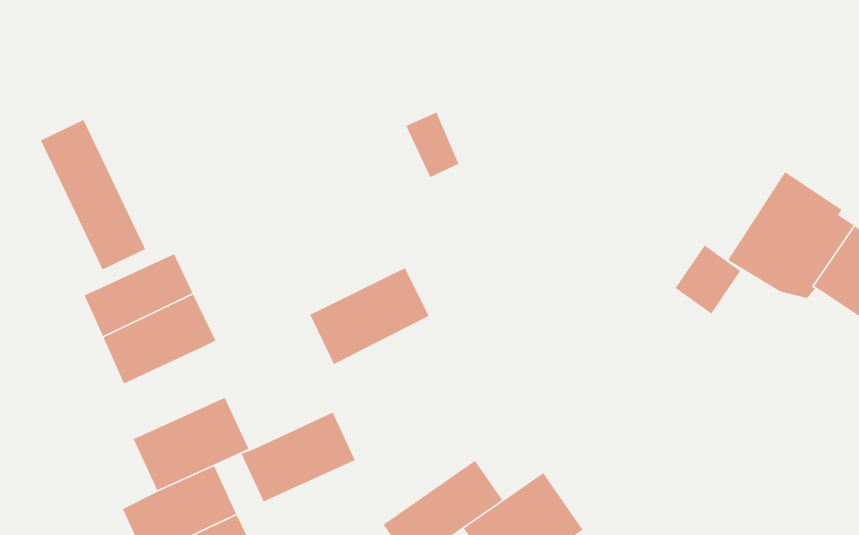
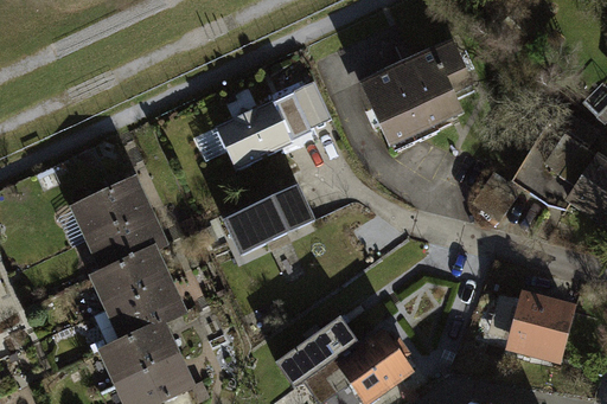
building: none -> [353,44,466,147]
building: [40,119,146,271] -> none
building: none -> [212,101,288,171]
building: [240,411,356,502] -> [92,243,171,304]
building: none -> [506,291,573,361]

